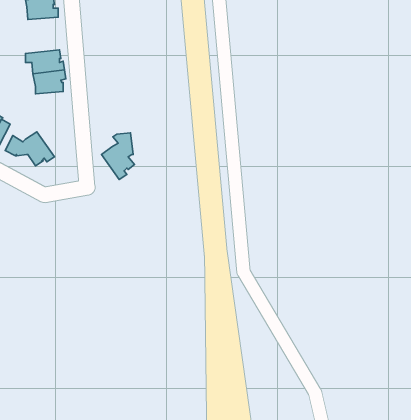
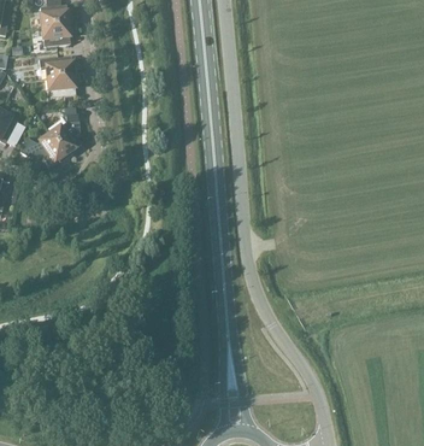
building: none -> [40,28,70,51]
building: [102,133,134,180] -> [48,117,80,162]

